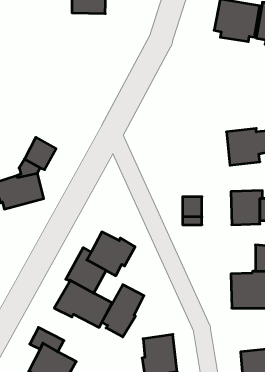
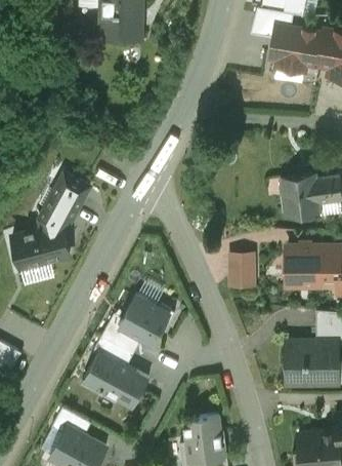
building: [102,285,144,337] -> none

